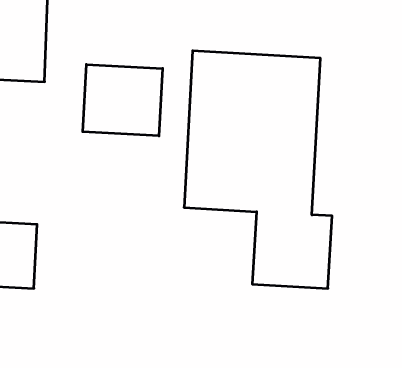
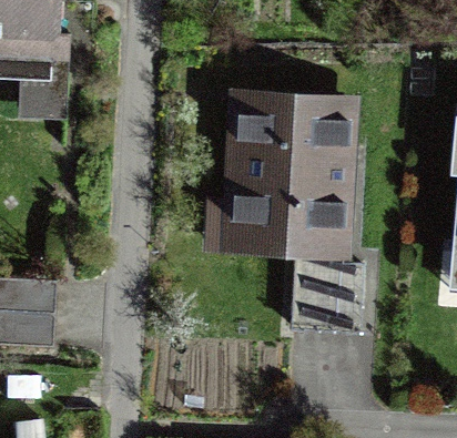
building: [83,64,163,136] -> none

